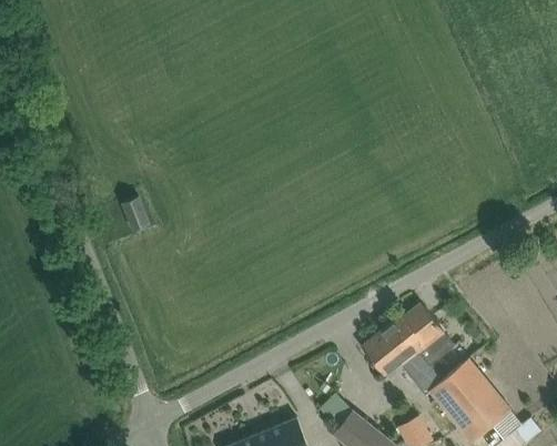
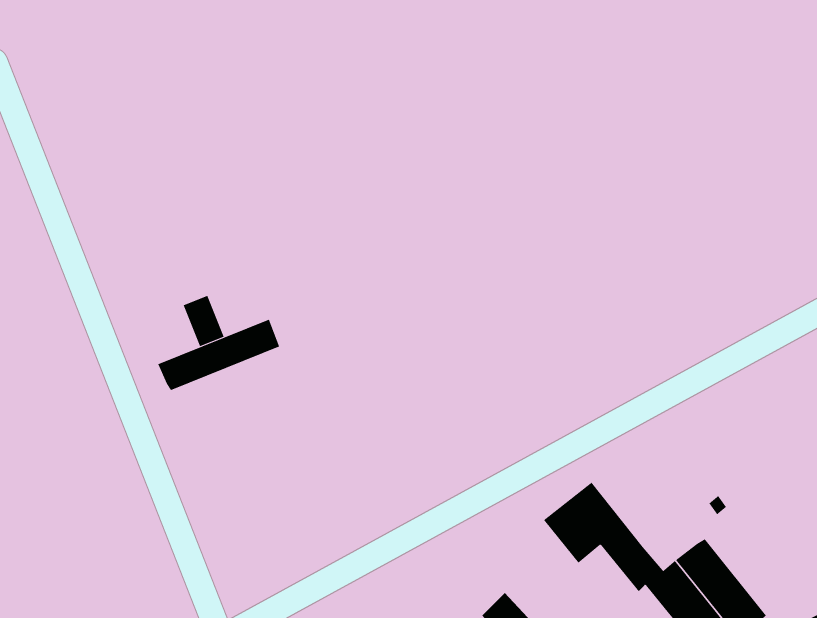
building: none -> [157,319,280,391]
building: [394,306,453,365] -> none

